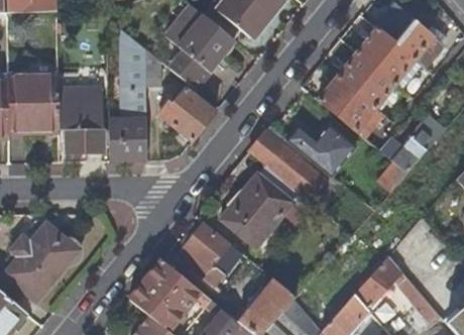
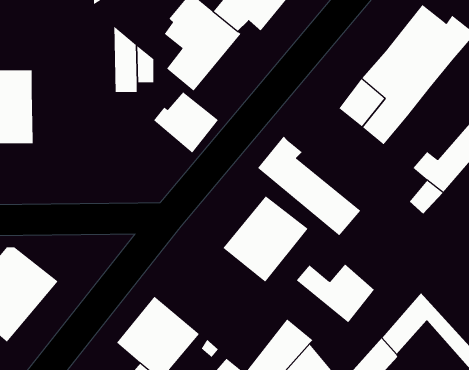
building: [59,86,105,152] -> none
building: [110,88,148,159] -> none
building: [286,124,353,175] -> [296,263,375,323]
building: [177,223,230,286] -> none

